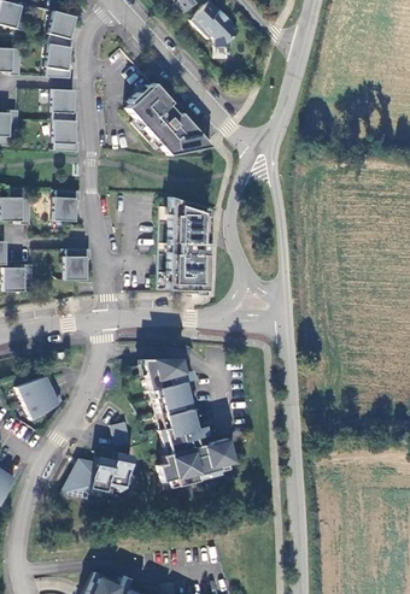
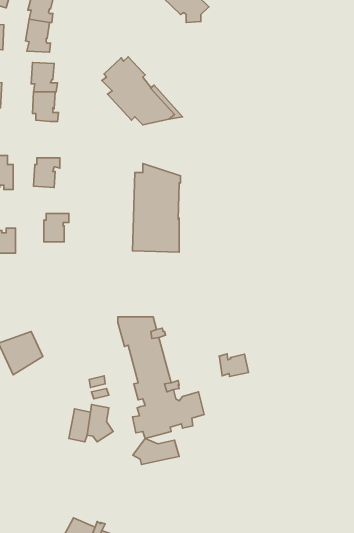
building: none -> [219,354,248,377]
building: [63,460,95,498] -> none
building: none -> [133,438,179,464]

